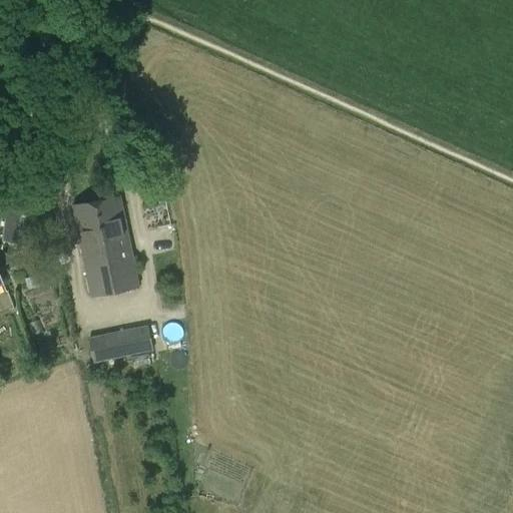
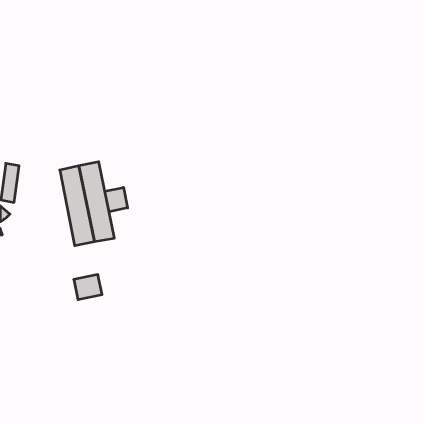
building: none -> [105,187,128,212]
building: [119,326,153,356] -> none

